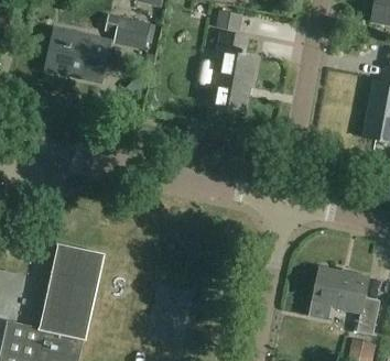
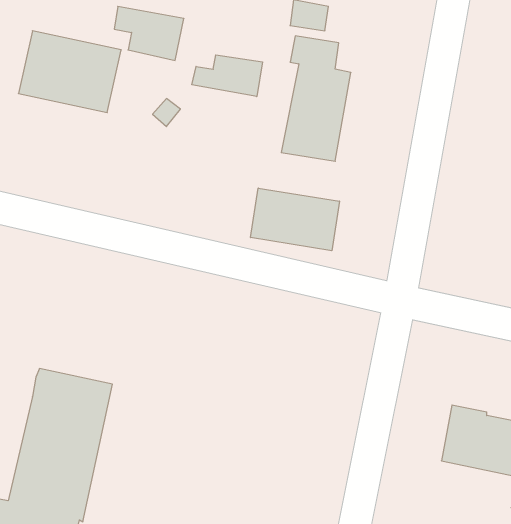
building: none -> [192,55,262,97]
building: none -> [251,188,339,251]

